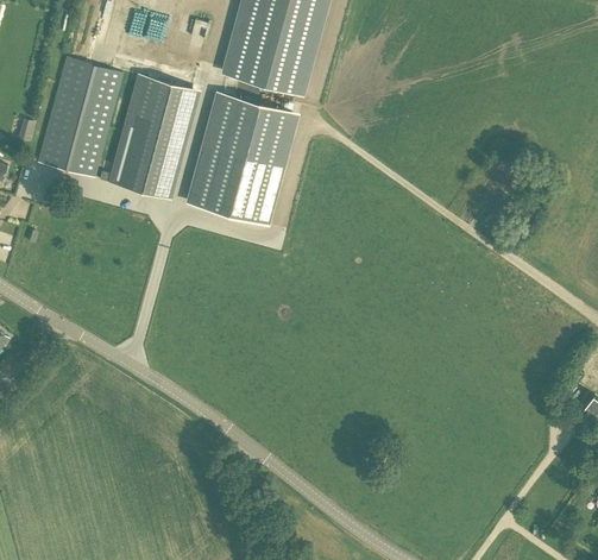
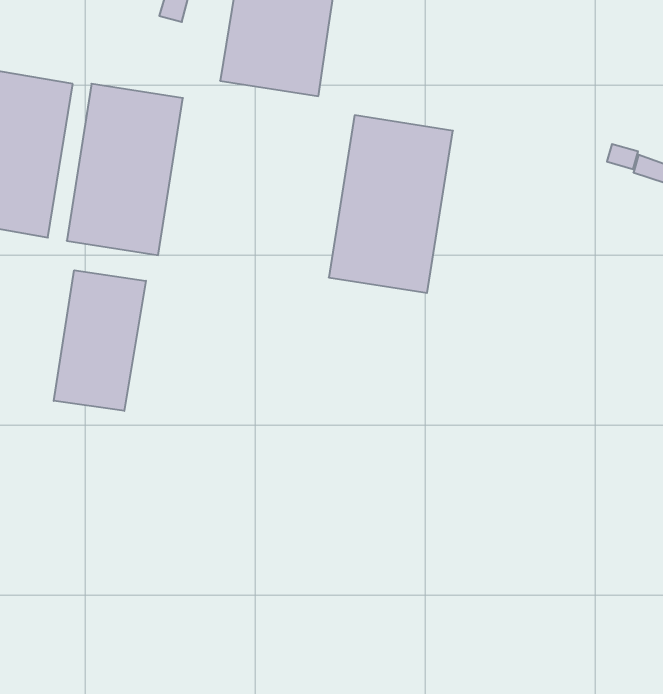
building: [190,92,288,221] -> [329,115,453,293]
building: none -> [54,270,146,411]

